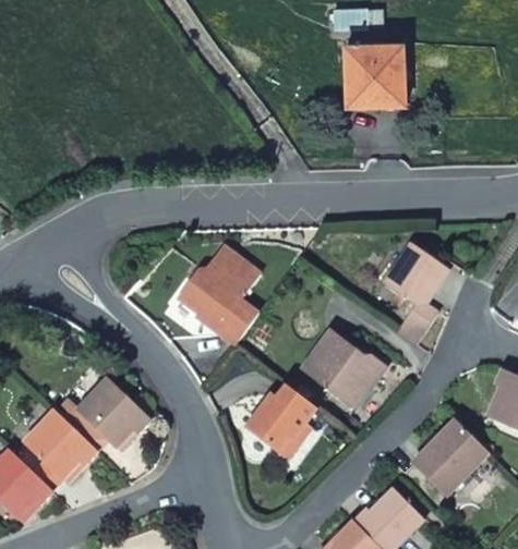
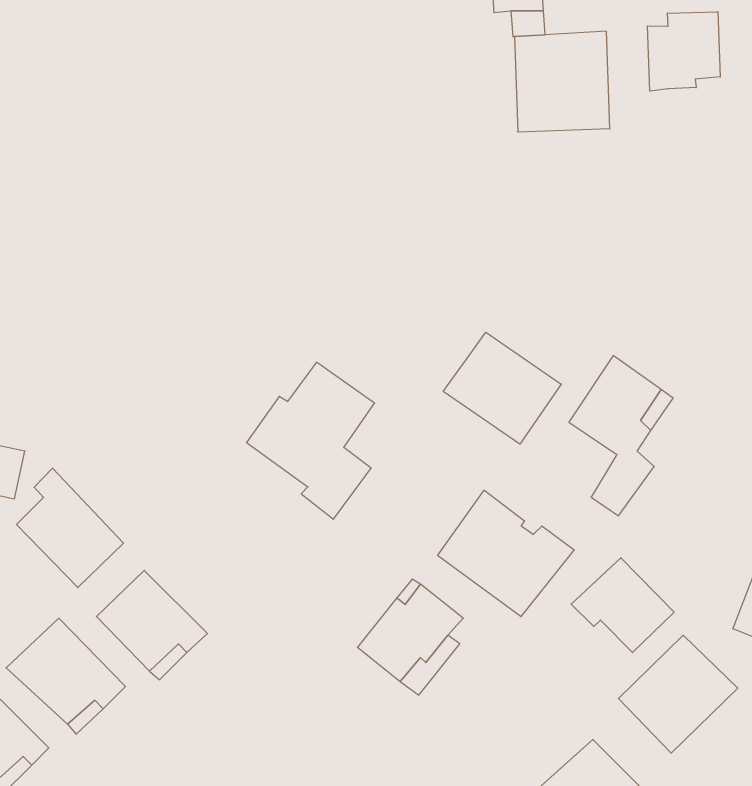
building: none -> [648,12,720,91]
building: none -> [443,332,561,444]
building: none -> [17,468,123,588]
building: none -> [571,558,674,653]

